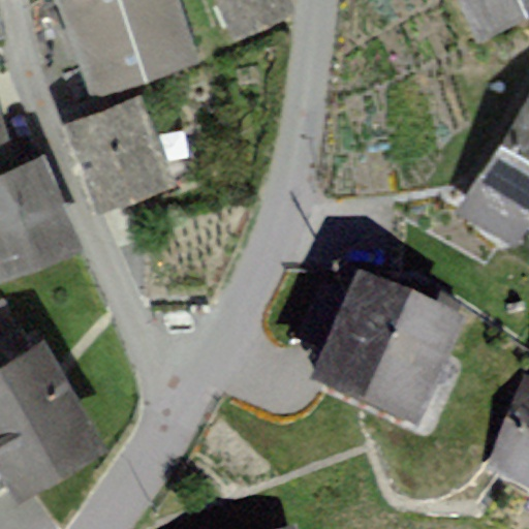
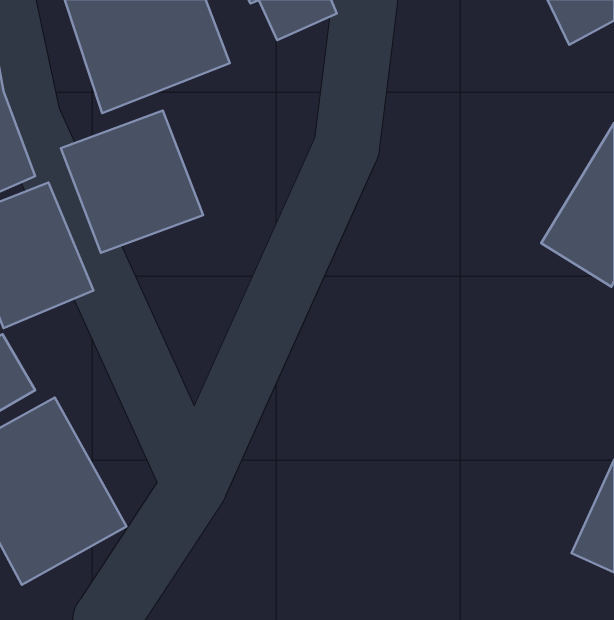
building: [318,278,475,434] -> none

